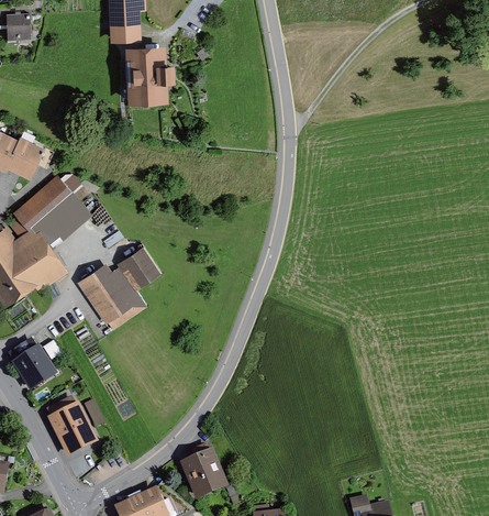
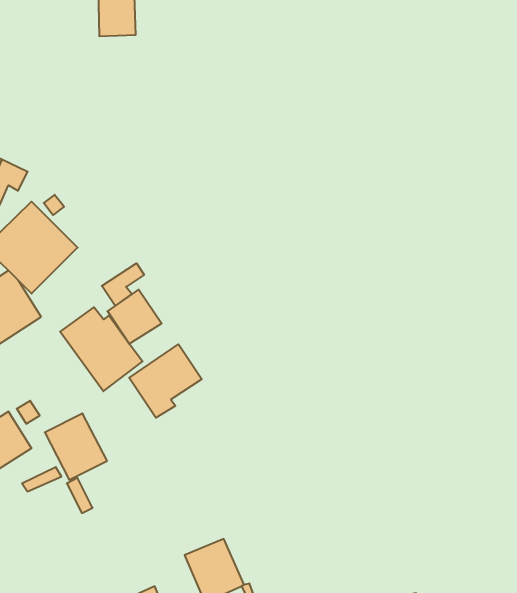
building: [130,48,173,105] -> none
building: none -> [102,263,144,306]
building: none -> [129,344,202,418]
building: [47,405,98,459] -> [45,413,107,480]

